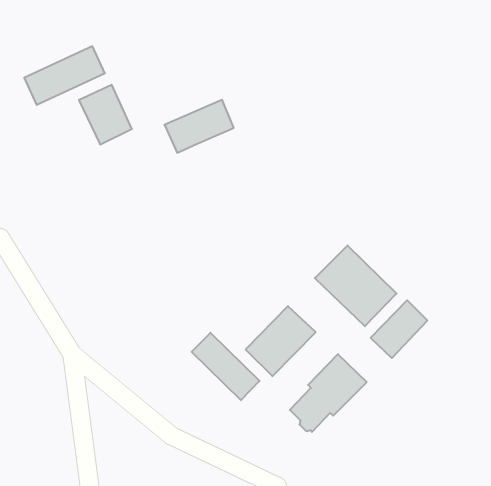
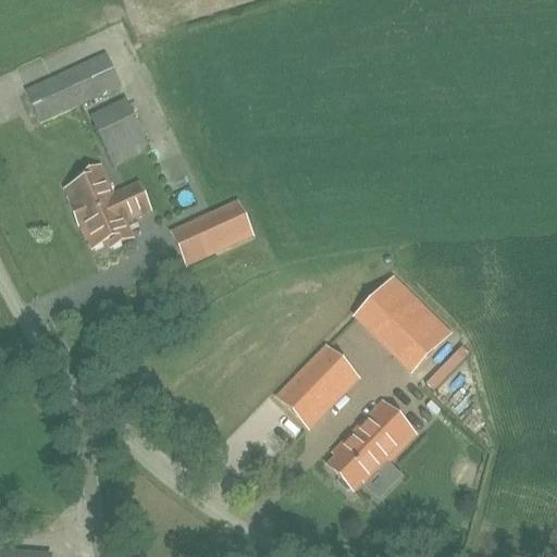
building: [164,100,234,153] -> [173,202,251,262]
building: none -> [67,165,149,245]
building: [192,333,260,400] -> none

